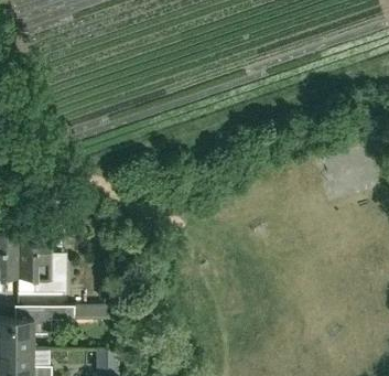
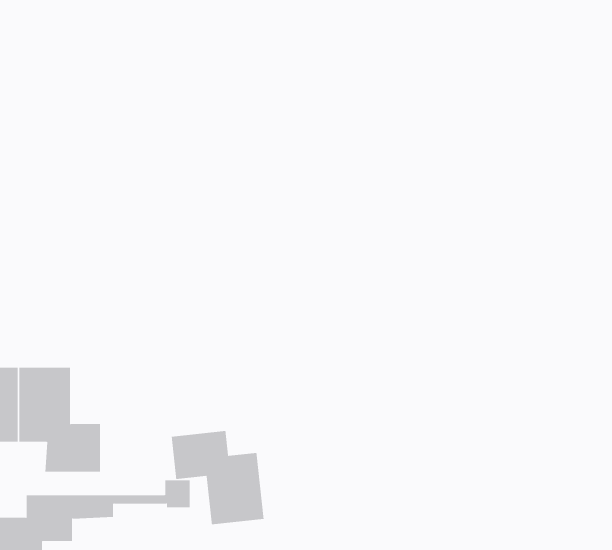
building: none -> [171,430,264,525]

